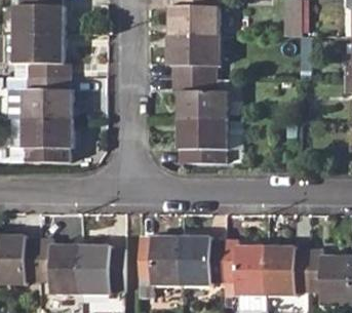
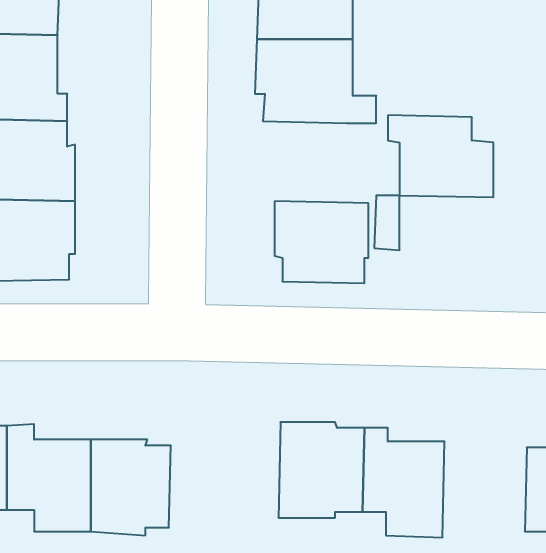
building: [170,77,226,120] -> [388,115,493,197]
building: [136,235,180,296] -> none
building: [265,245,309,296] -> none

